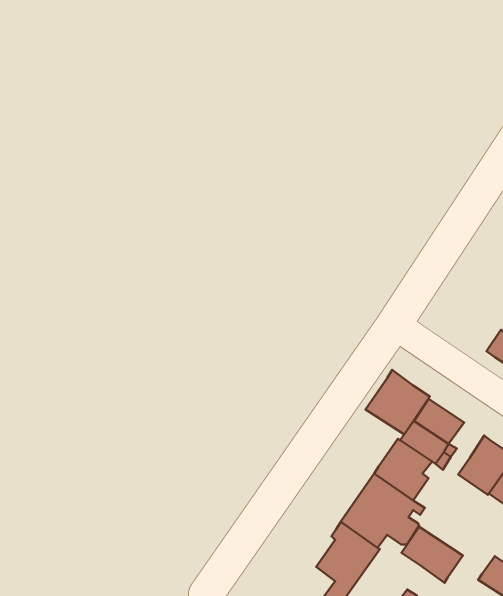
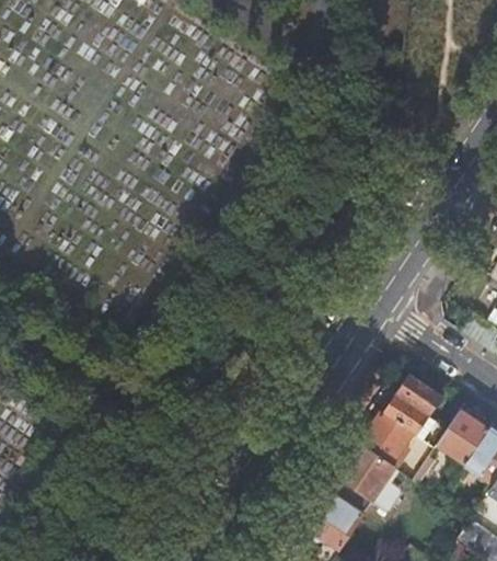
building: [366,370,430,434] -> none
building: [401,527,463,583] -> none

